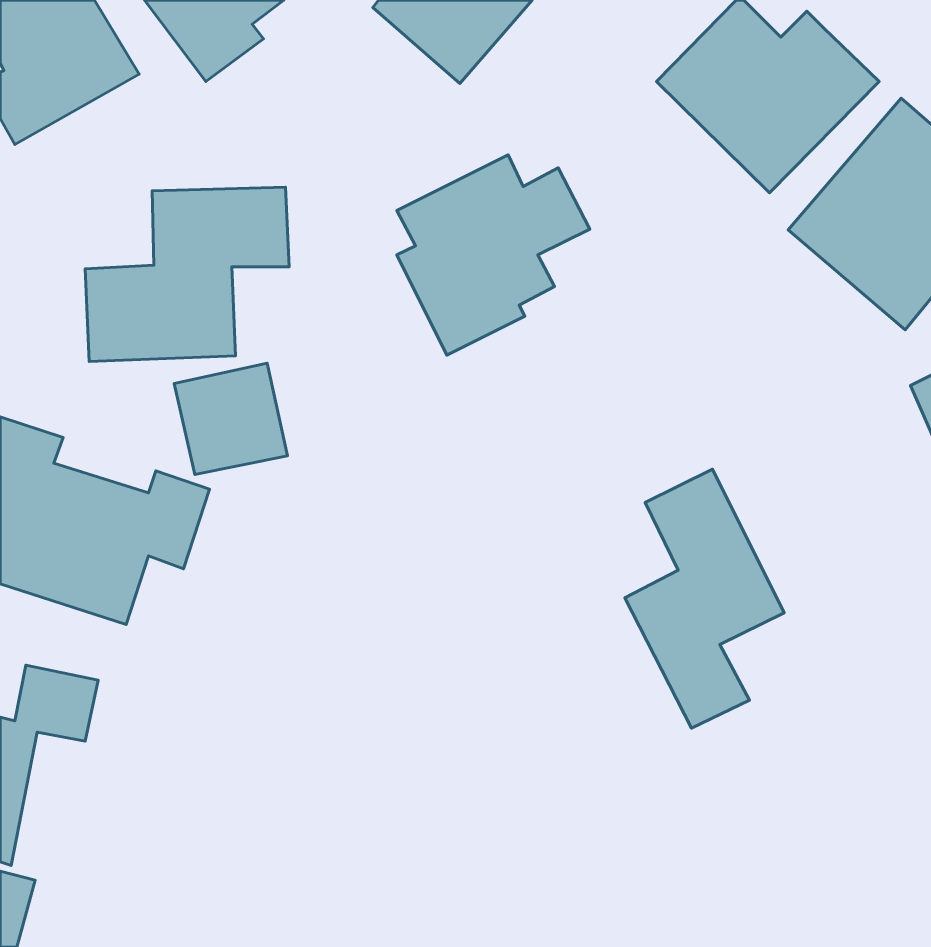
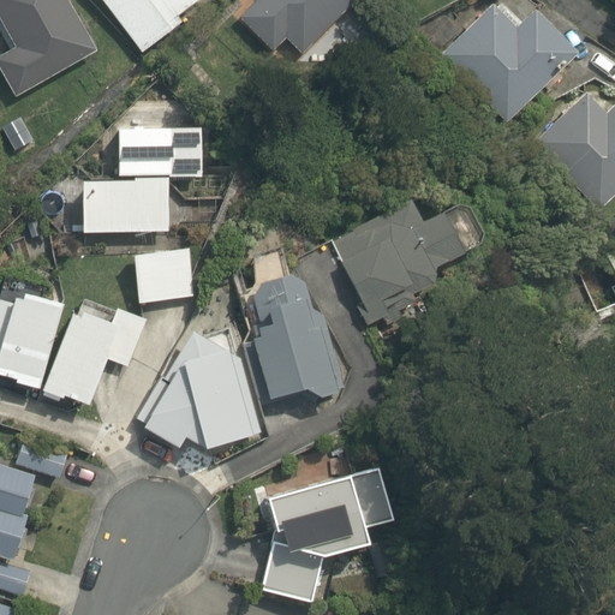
building: [397,155,590,355] -> [339,198,464,328]
building: none -> [245,271,345,400]
building: [625,469,784,728] -> none
building: none -> [137,344,259,447]
building: none -> [259,464,392,602]

